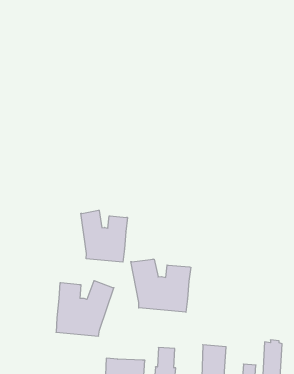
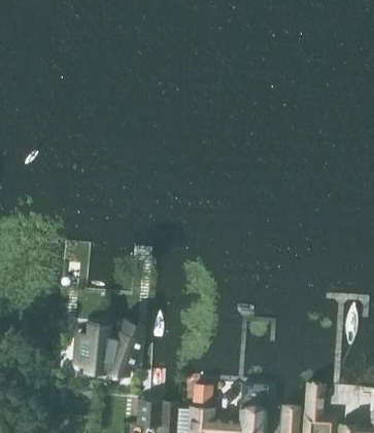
building: [81,210,127,262] -> none
building: [131,259,191,312] -> none

